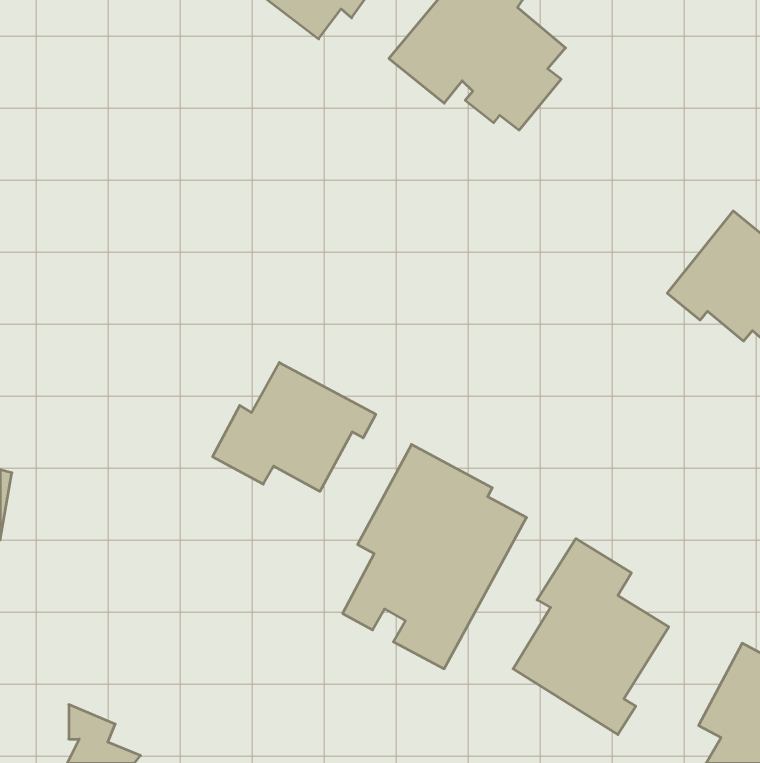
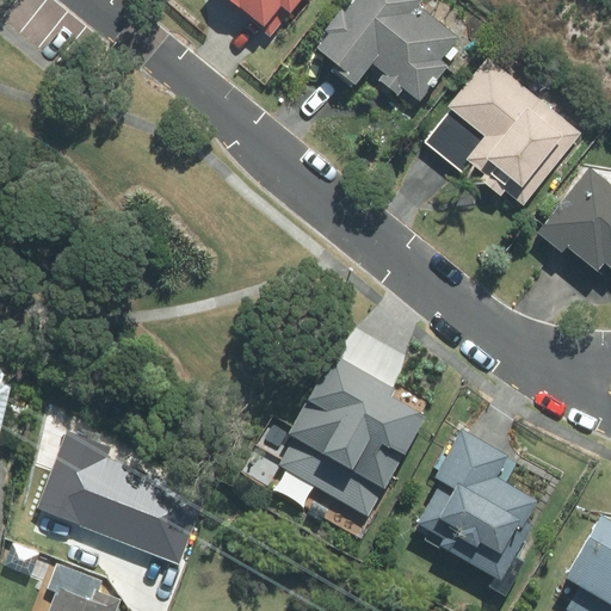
building: none -> [422,57,584,208]
building: [213,362,376,491] -> none
building: none -> [43,428,208,558]

